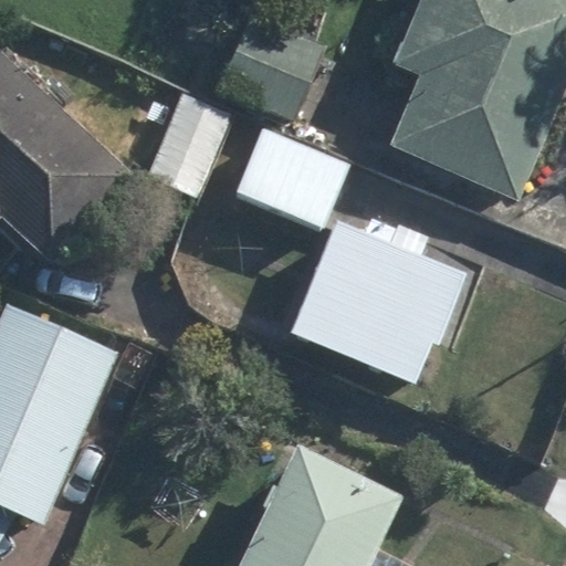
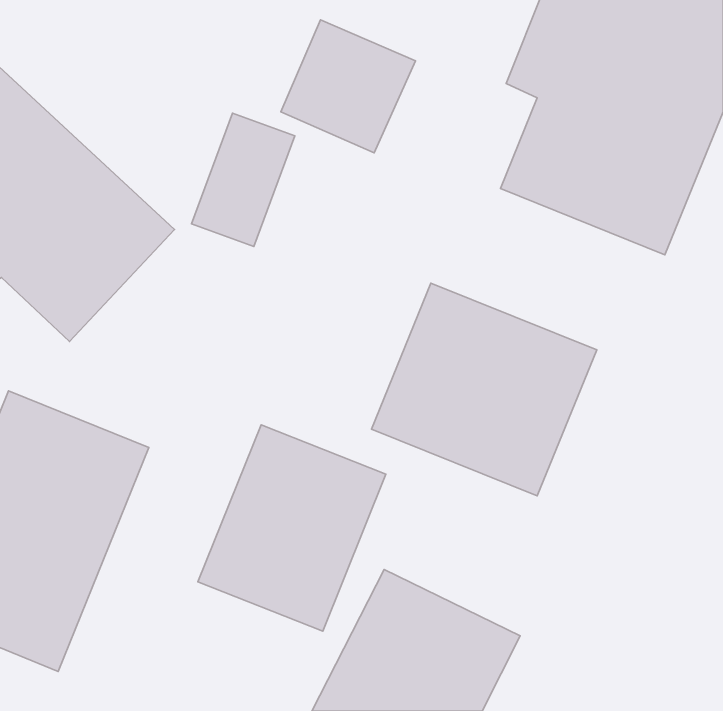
building: [232,126,349,229] -> none
building: none -> [198,425,386,631]

